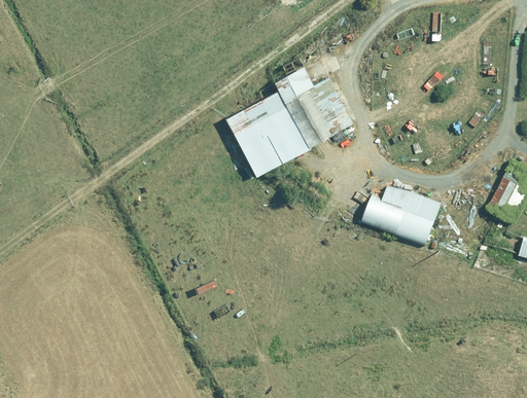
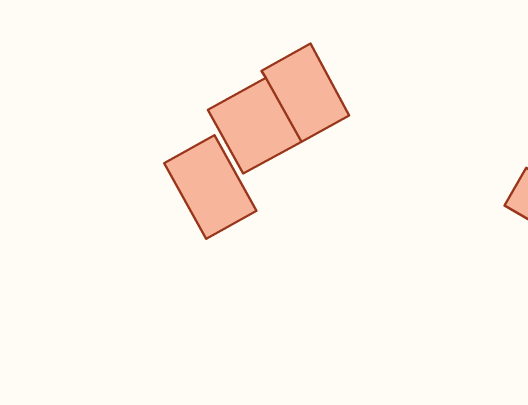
building: none -> [164,135,256,239]
building: [363,186,443,247] -> none

